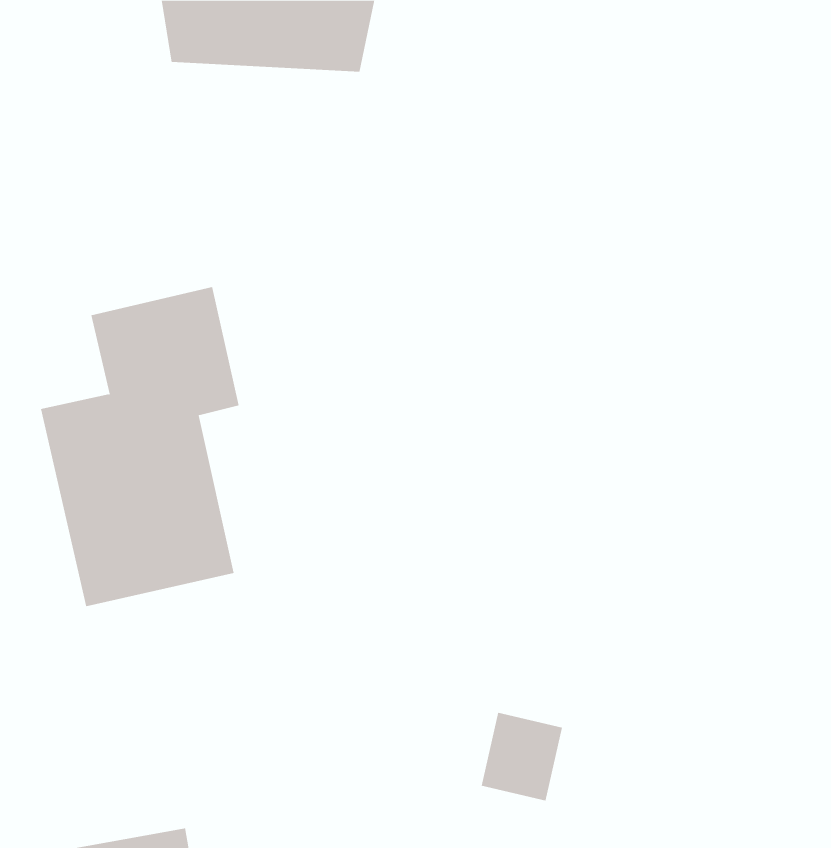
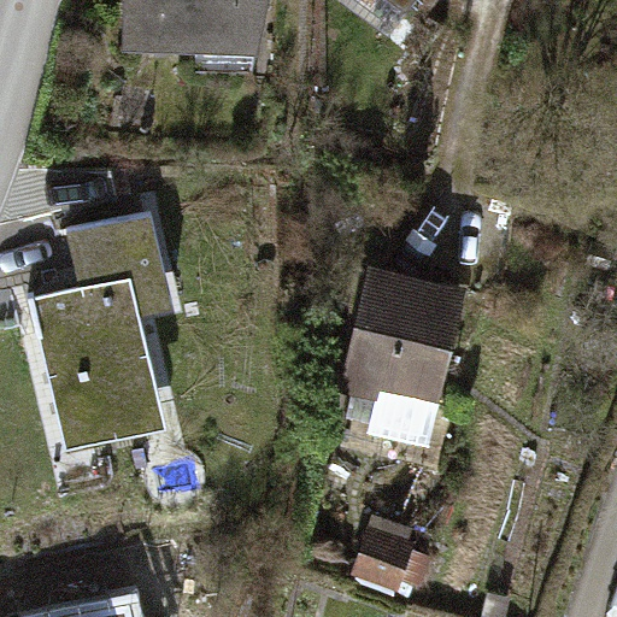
building: none -> [337,264,470,415]

